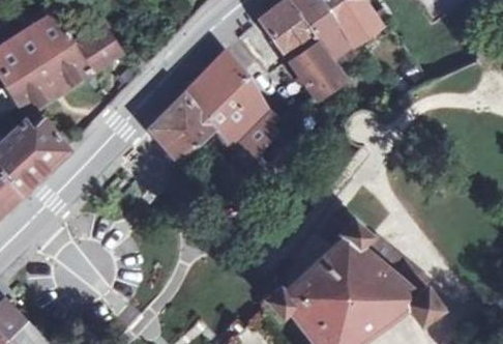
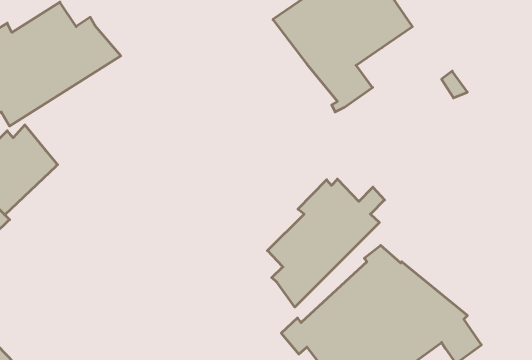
building: [153,52,280,168] -> none
building: none -> [267,179,385,307]

